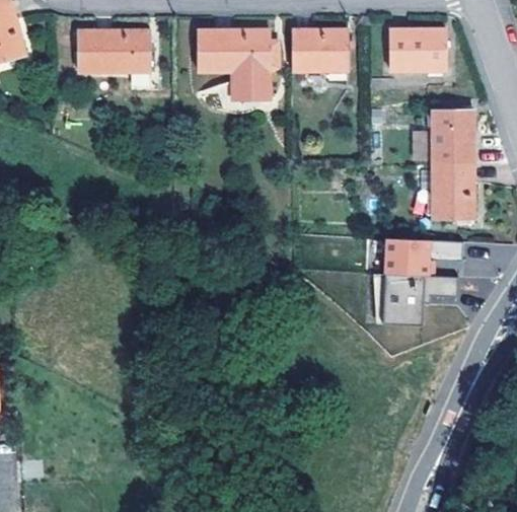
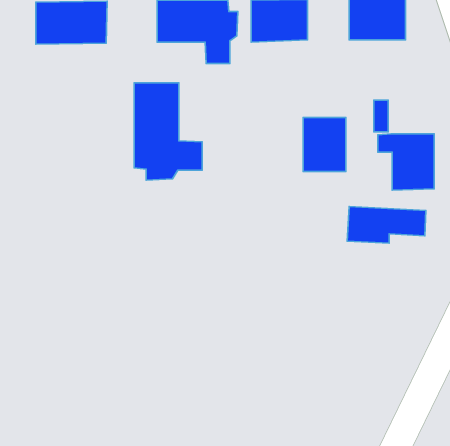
building: [431,109,473,163] -> [303,117,346,172]
building: none -> [134,83,202,180]
building: [386,273,459,325] -> none

